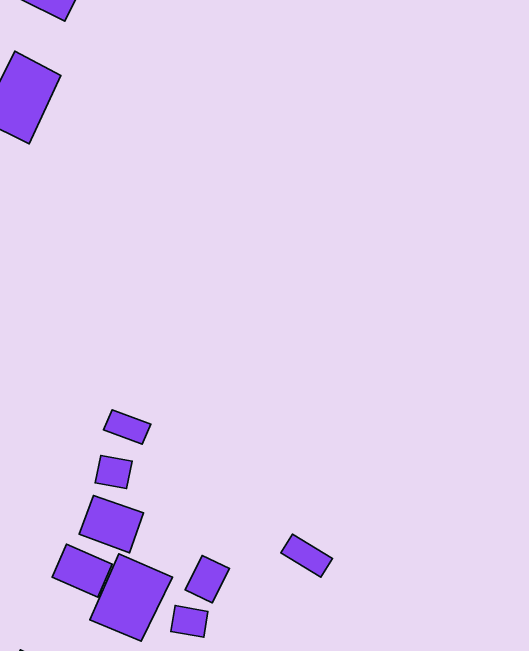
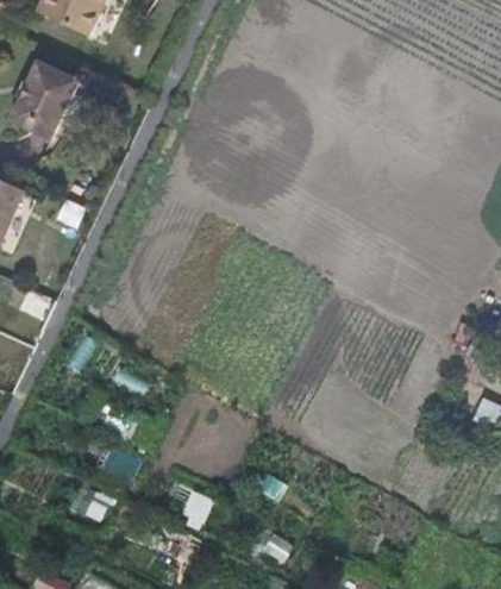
building: [90,554,172,641] -> none

